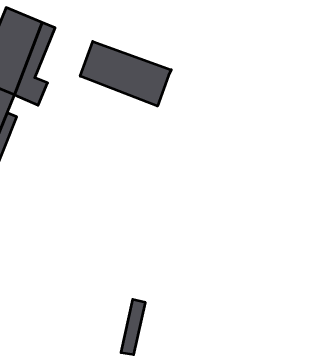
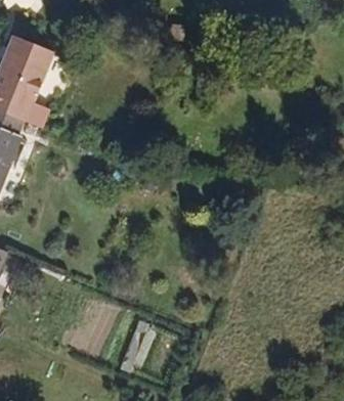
building: [80,41,171,106] -> none

